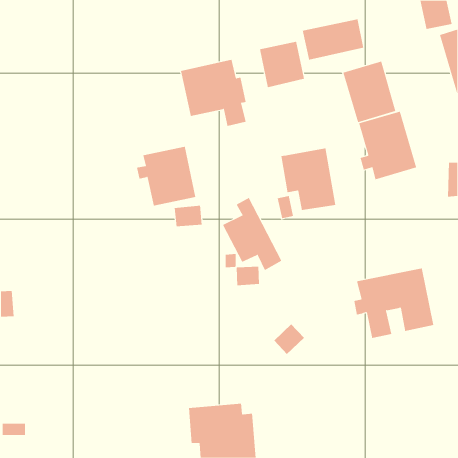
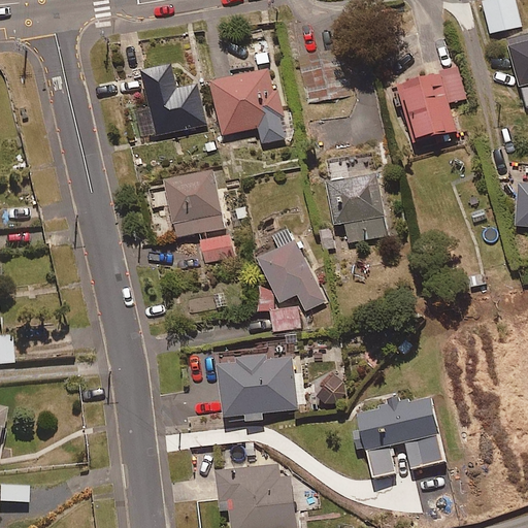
building: [302,18,364,60] -> none
building: none -> [139,62,209,137]
building: [359,111,417,180] -> none
building: [354,268,434,339] -> [352,396,444,477]
building: none -> [217,352,306,423]

